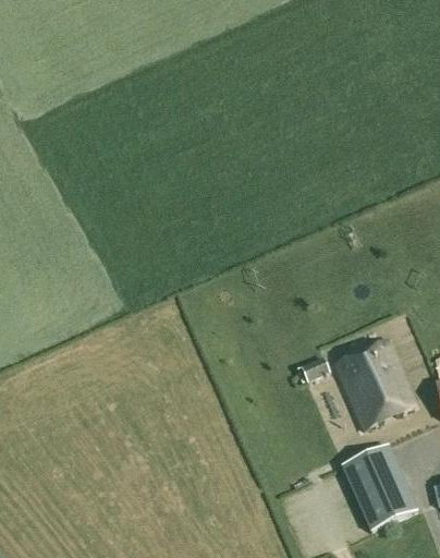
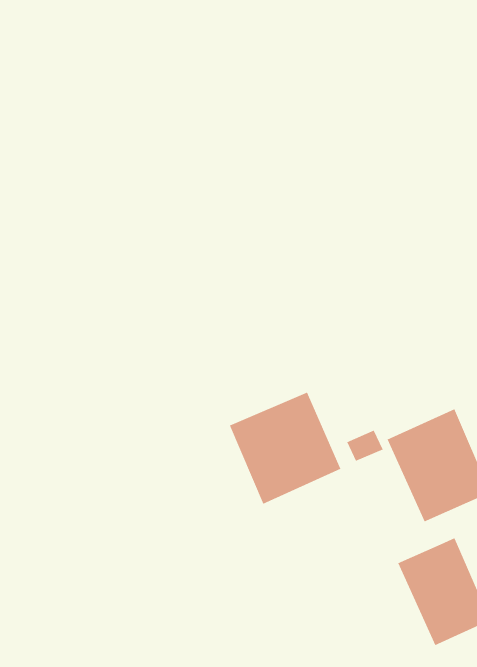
building: none -> [229,391,342,505]

